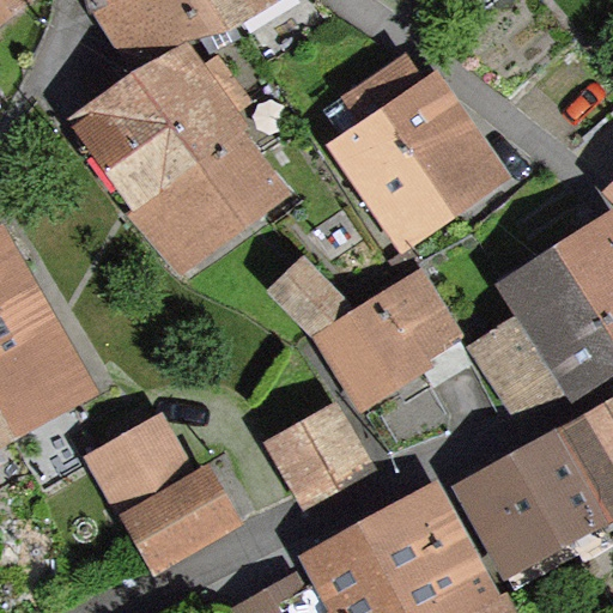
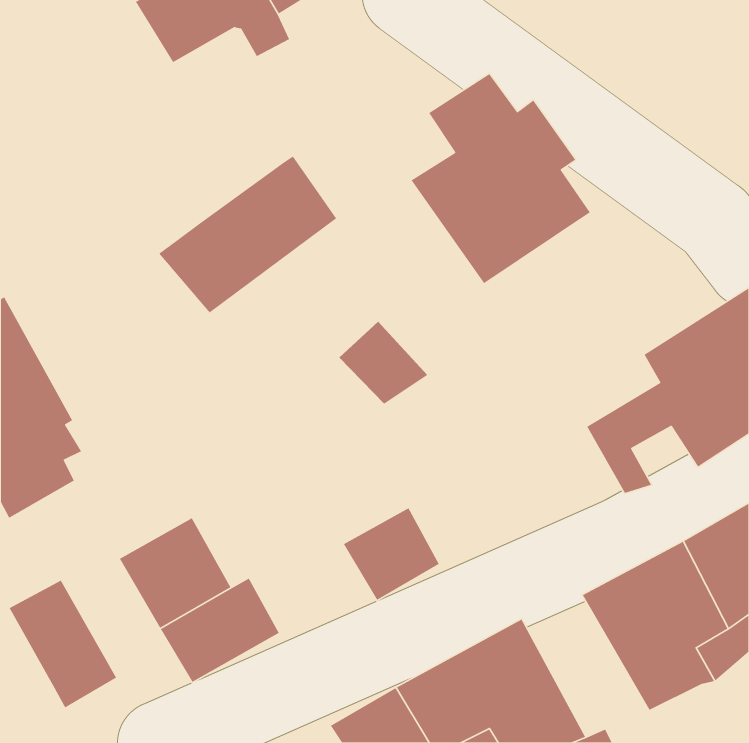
building: [107,57,235,196] -> none
building: [322,267,471,395] -> none
building: none -> [8,579,117,708]

